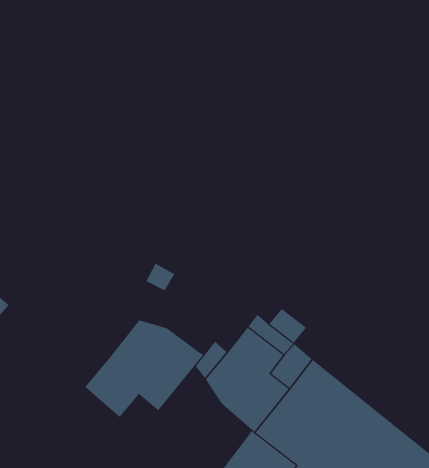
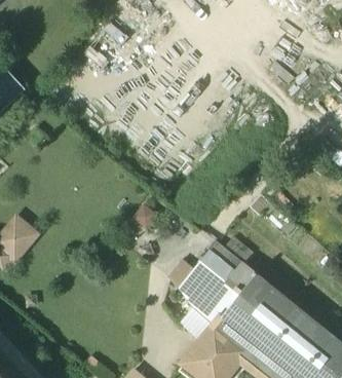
building: [84,320,204,418] -> none

